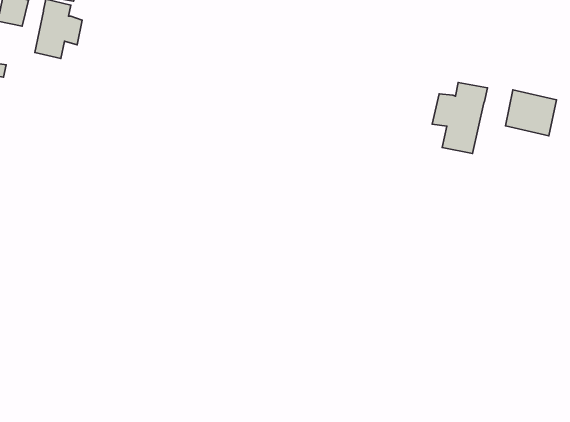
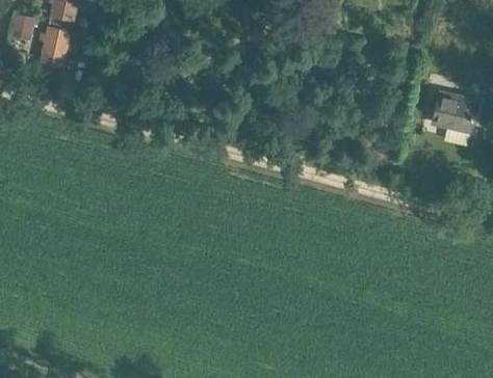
building: [432,82,487,153] -> none

